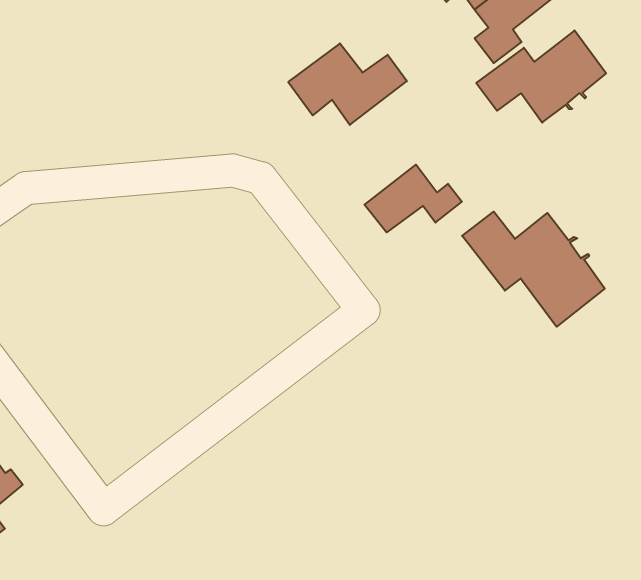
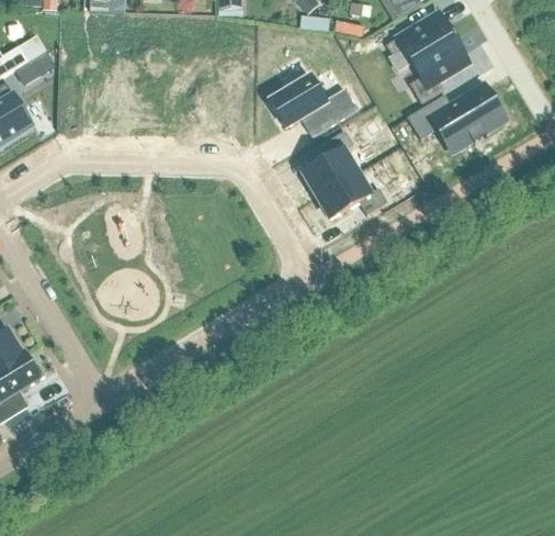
building: none -> [303,130,356,196]
building: [462,212,605,327] -> none

